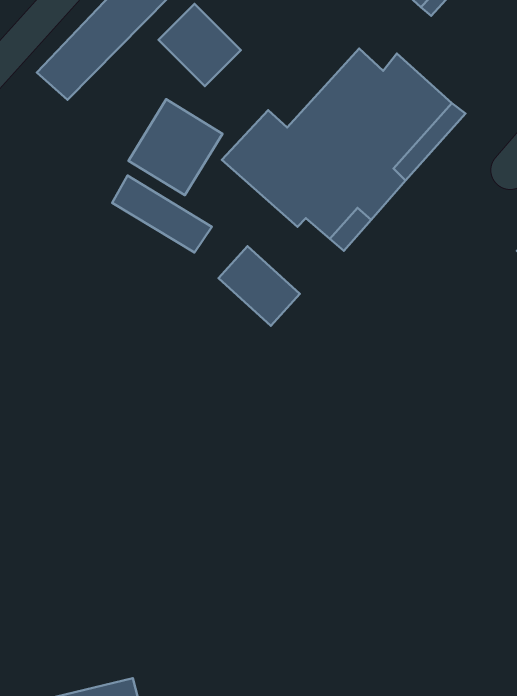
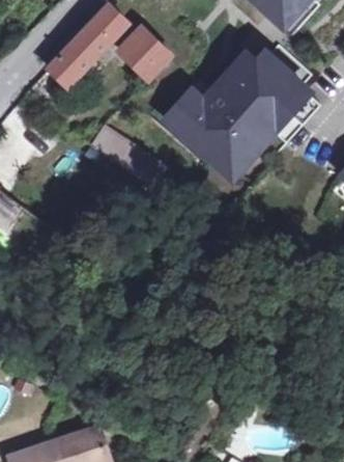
building: [129,99,223,195] -> none
building: [218,246,300,326] -> none

